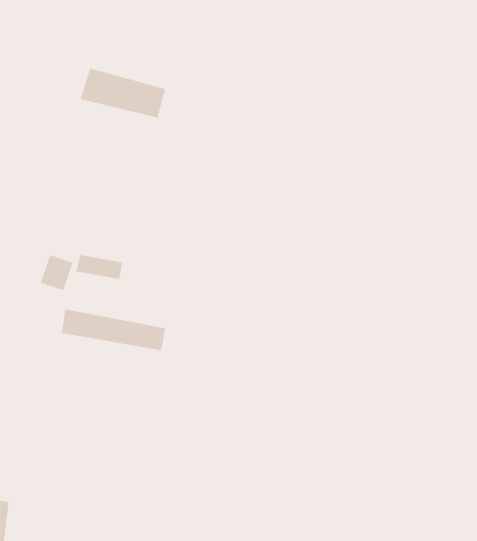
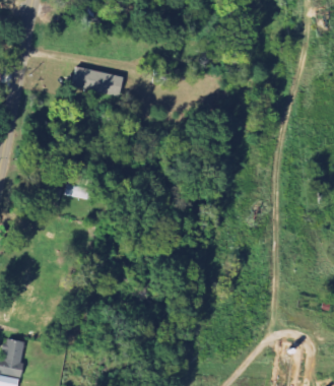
building: [61,308,166,351] -> none

